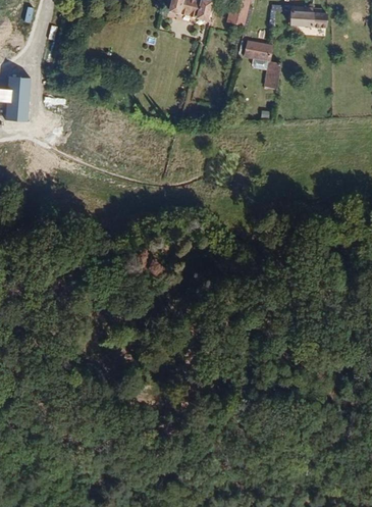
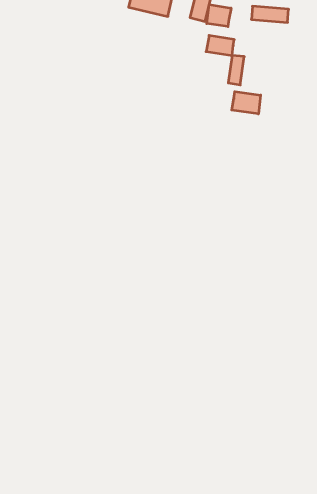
building: none -> [207,5,231,27]
building: none -> [232,92,261,114]

